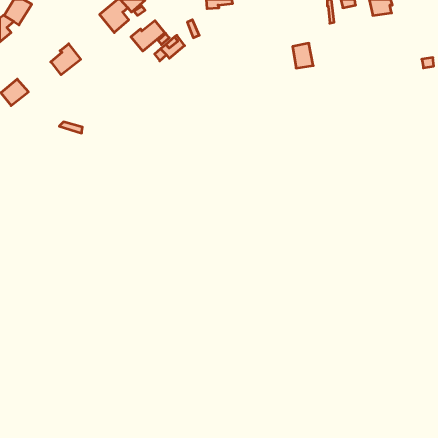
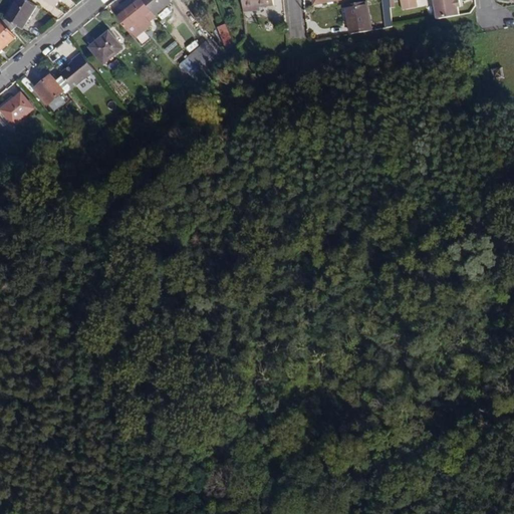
building: [131,21,165,51] -> none
building: none -> [89,31,121,63]
building: [293,43,313,68] -> [345,4,369,33]
building: none -> [34,74,63,103]

